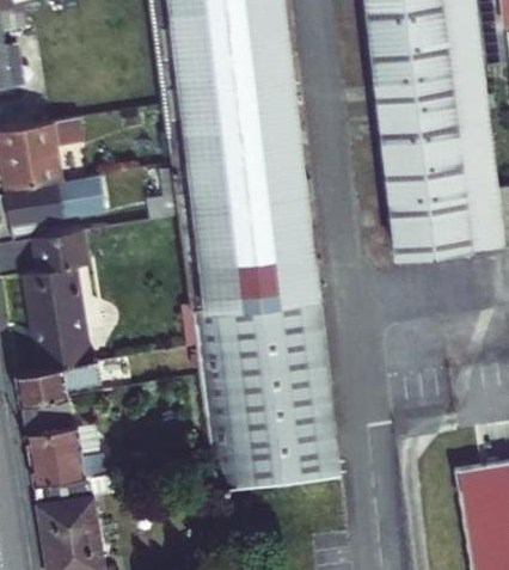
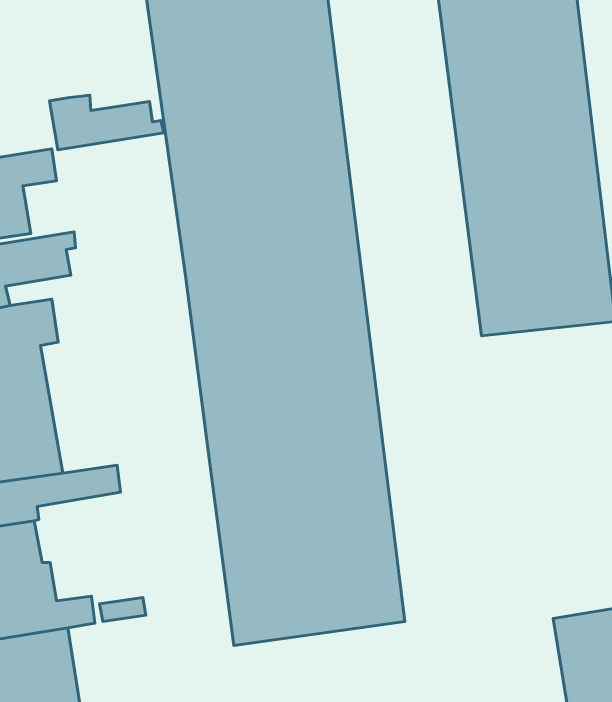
building: none -> [49,95,164,150]

